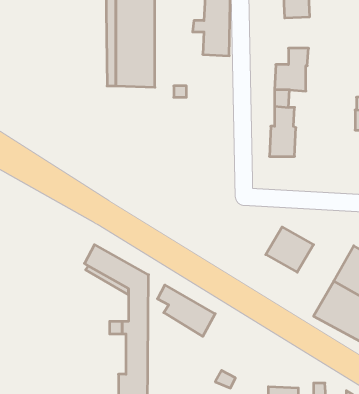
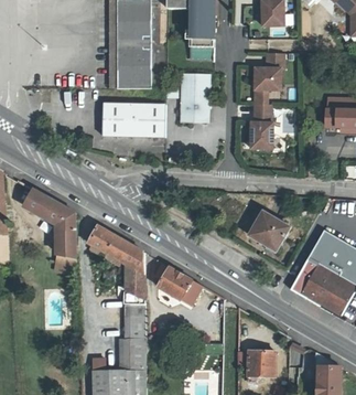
building: none -> [181,74,211,121]
building: none -> [103,103,165,136]
building: none -> [24,189,77,264]

